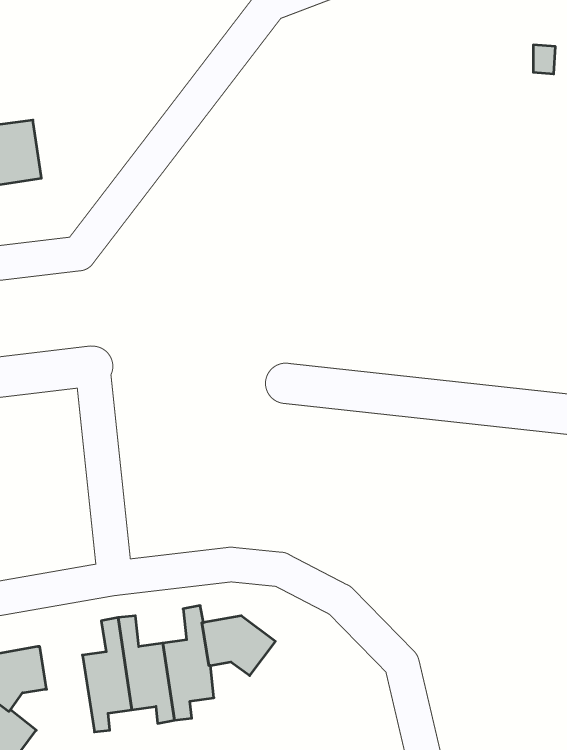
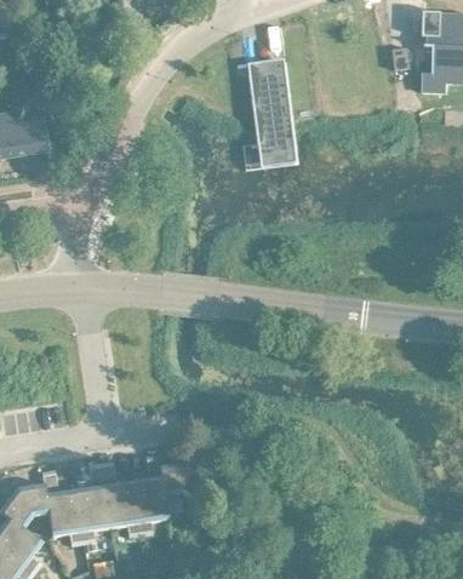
building: none -> [248,62,296,154]
building: none -> [41,470,82,545]

